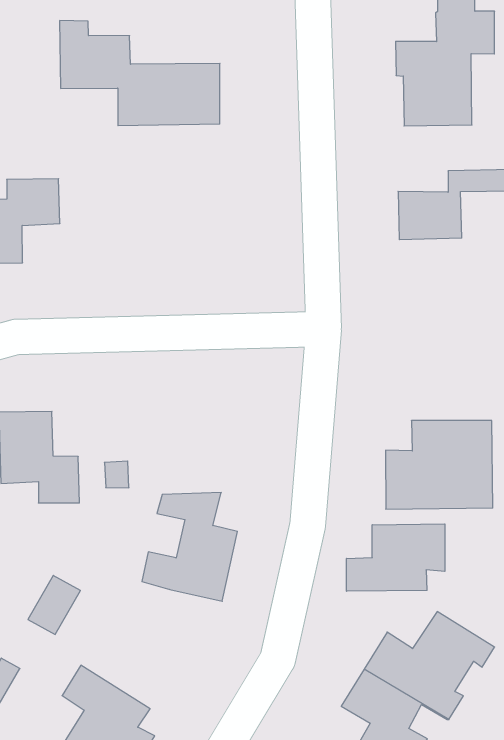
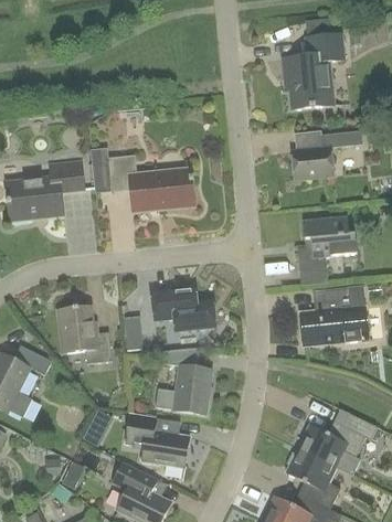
building: [60,21,220,126] -> [89,148,194,211]
building: none -> [297,215,357,284]
building: none -> [135,287,216,331]
building: [347,524,445,591] -> none
building: none -> [124,412,190,467]

